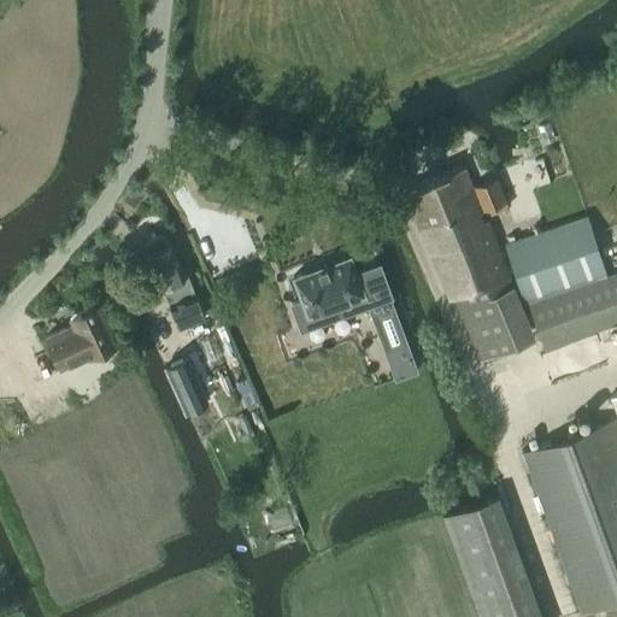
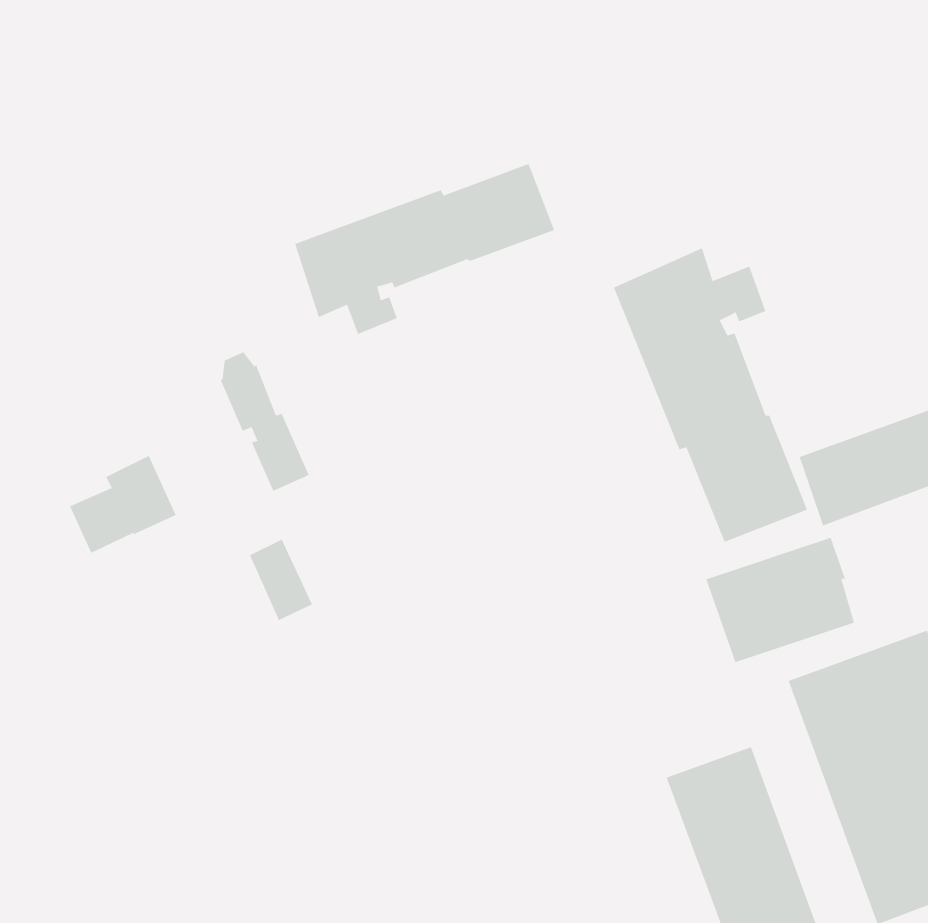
building: none -> [295,163,555,335]
building: [505,221,604,304] -> [706,537,855,663]
building: [289,260,417,381] -> none

